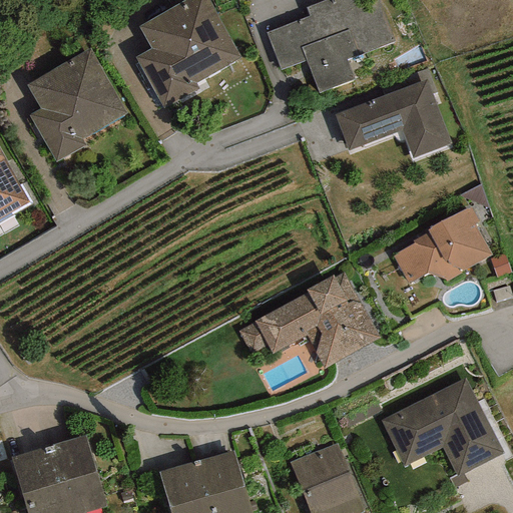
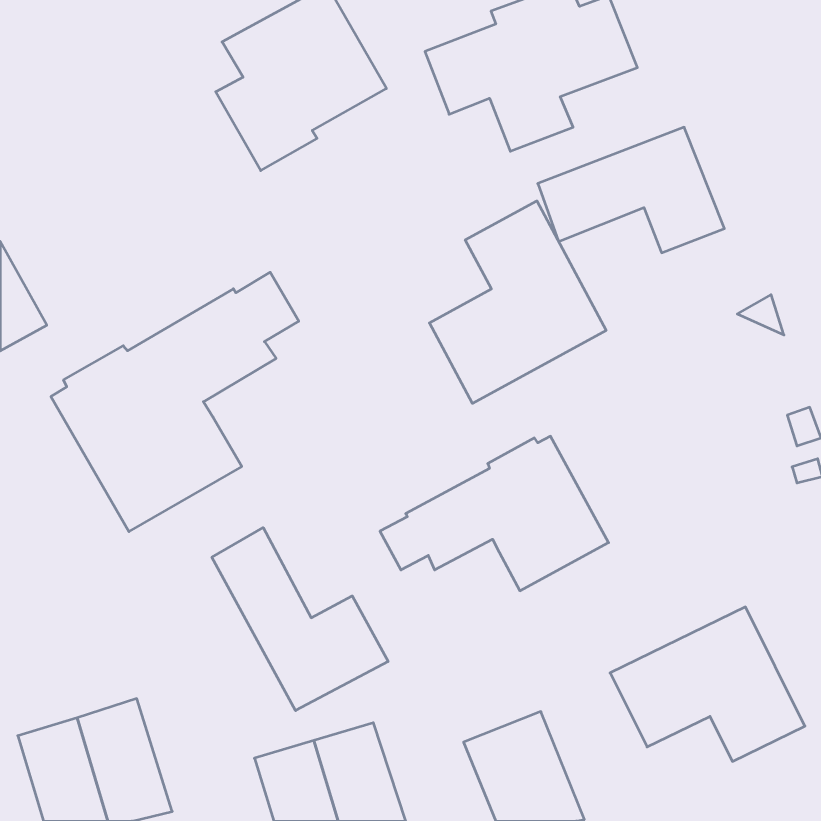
building: [27,49,127,161] -> none
building: none -> [429,201,606,403]
building: none -> [51,272,299,532]
building: [393,207,492,284] -> none
building: none -> [212,528,388,711]

